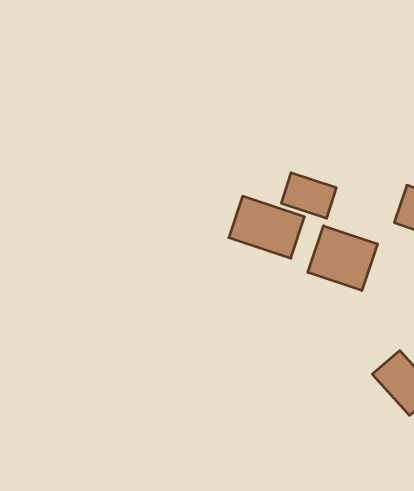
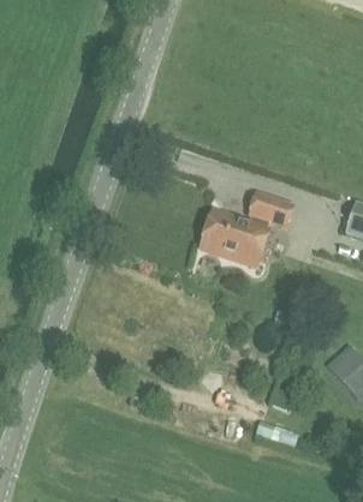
building: [308,226,377,291] -> none

